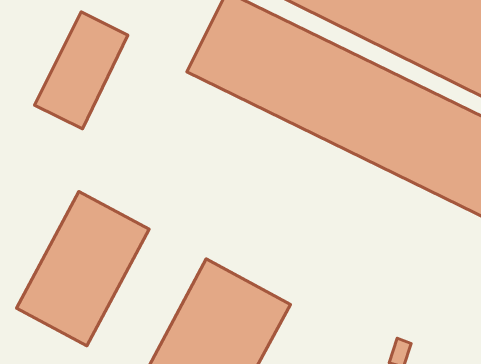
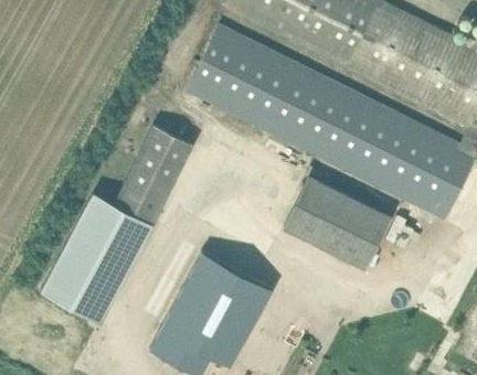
building: [34,12,128,129] -> [114,121,193,221]
building: none -> [283,174,392,268]

